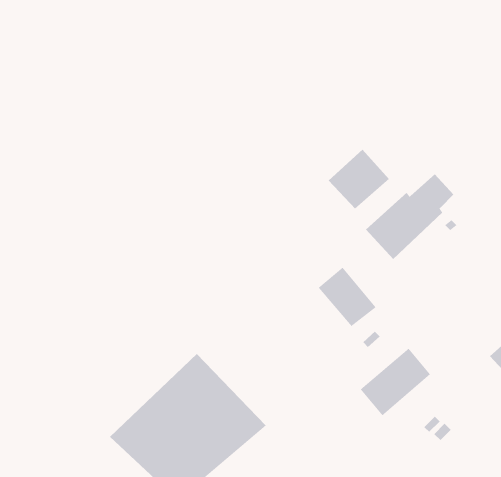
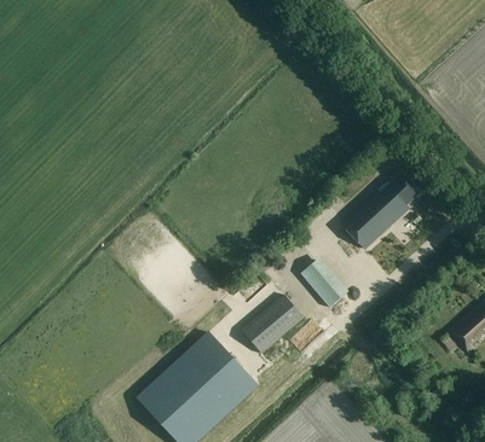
building: [328,149,390,209] -> none
building: [360,348,431,416] -> [243,293,305,353]

